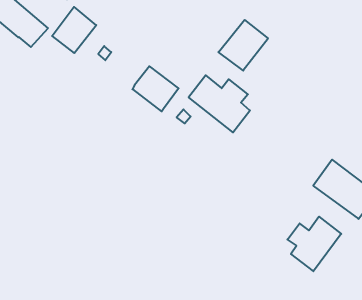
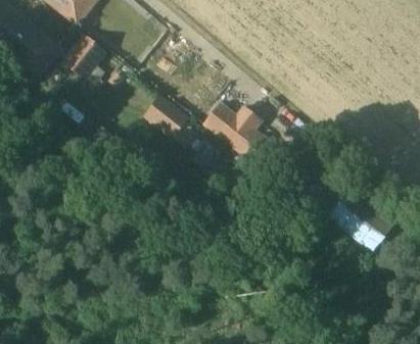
building: [218,20,268,71] -> none
building: [287,217,341,271] -> none

